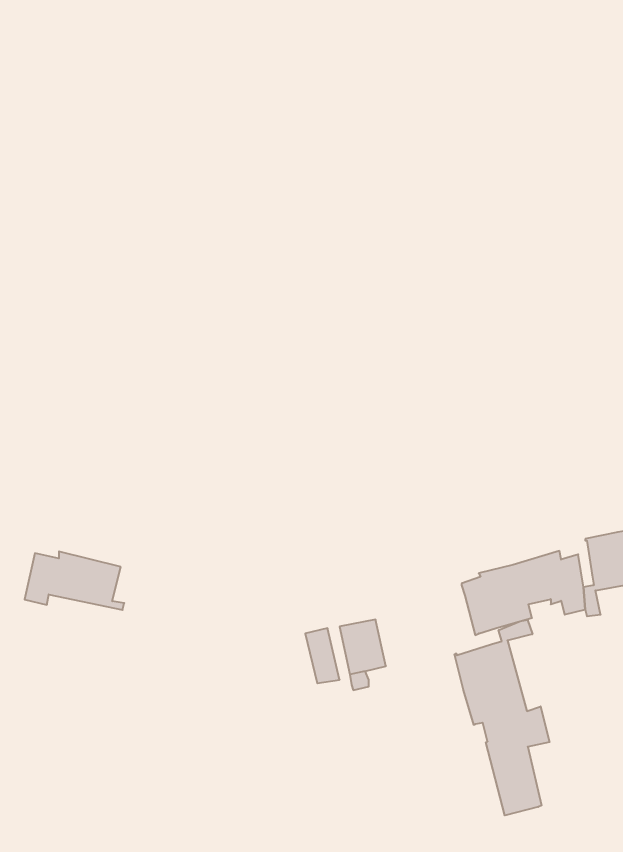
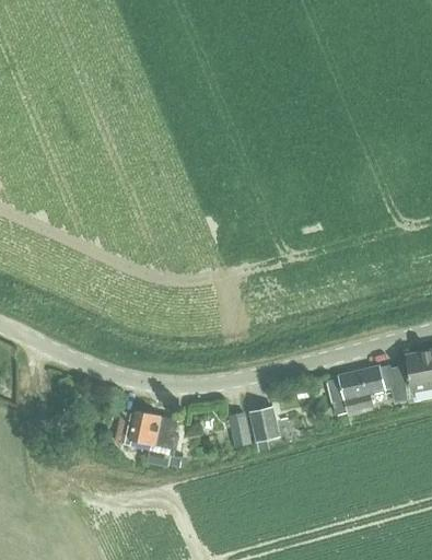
building: [25,551,124,610] -> [114,411,177,448]
building: [454,620,550,815] -> none

